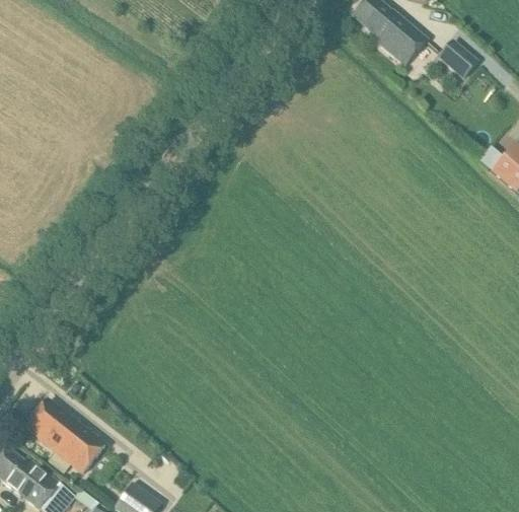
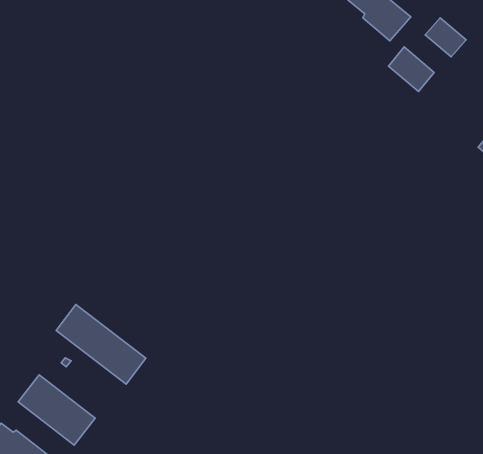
building: none -> [389,47,434,92]
building: none -> [56,304,146,384]

